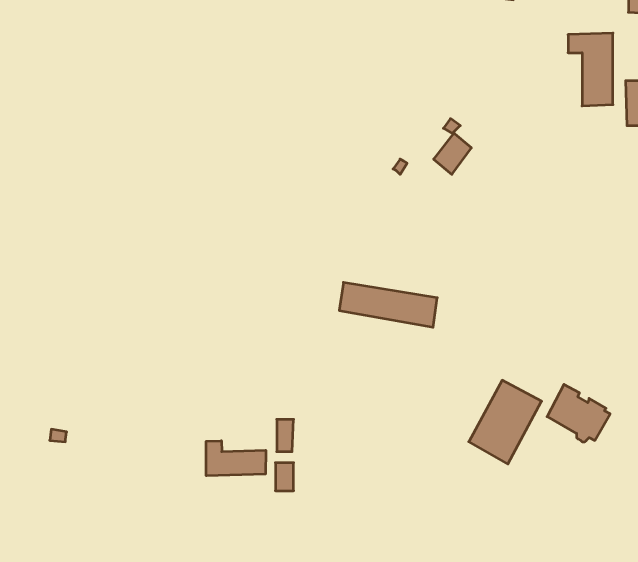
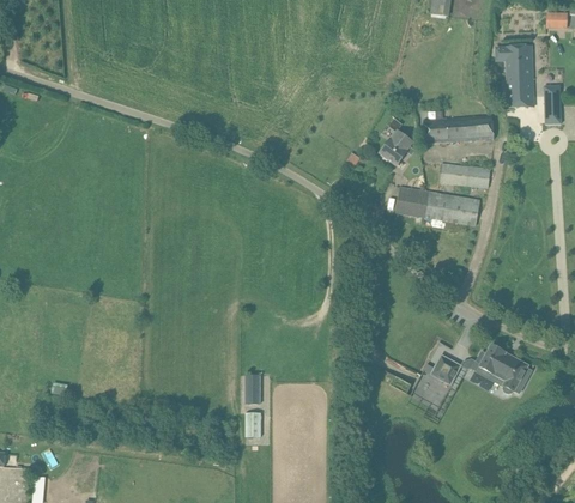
building: none -> [423,115,494,143]
building: none -> [438,163,490,187]
building: [339,282,437,327] -> [395,187,479,225]
building: [206,441,266,476] -> none

